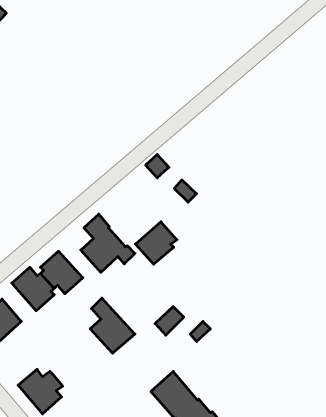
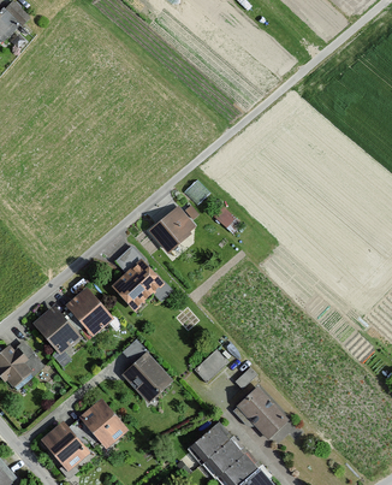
building: [135,222,177,264] -> [148,205,195,253]
building: none -> [233,385,289,438]
building: none -> [78,397,127,448]

